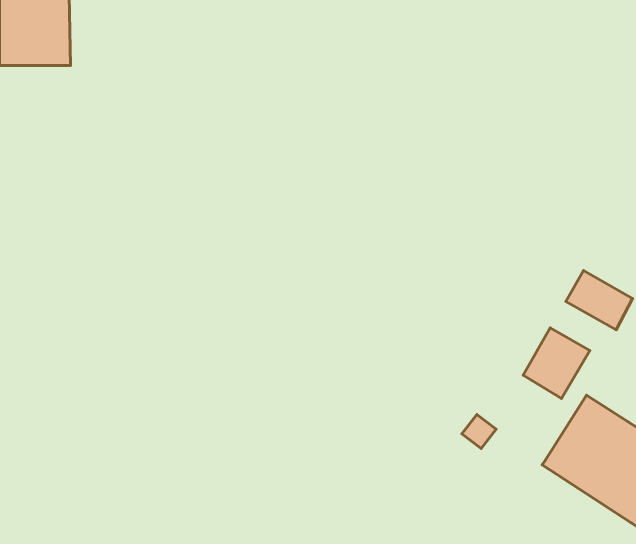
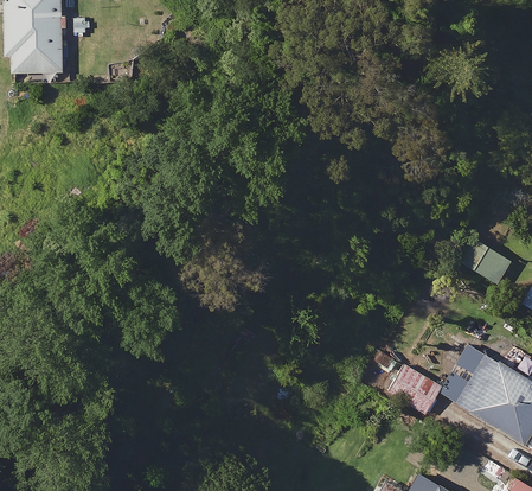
building: [523,328,590,398] -> none
building: none -> [389,366,441,415]

